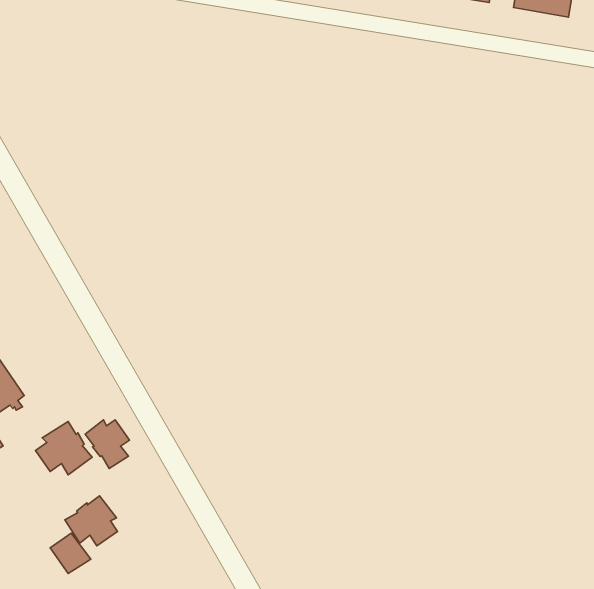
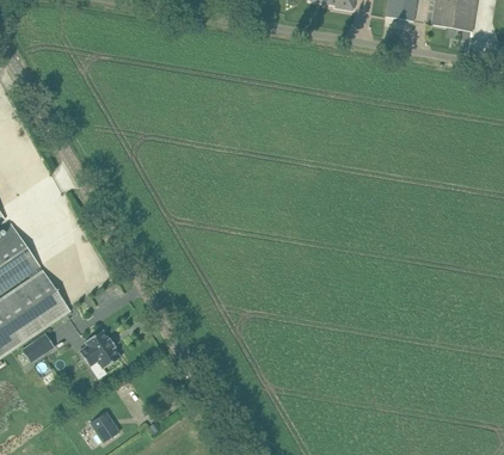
building: [85,420,129,468] -> none
building: [65,496,118,546] -> none

